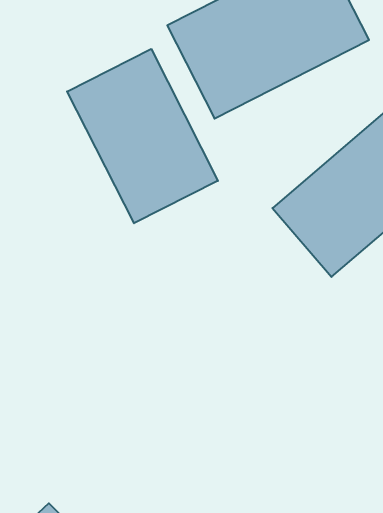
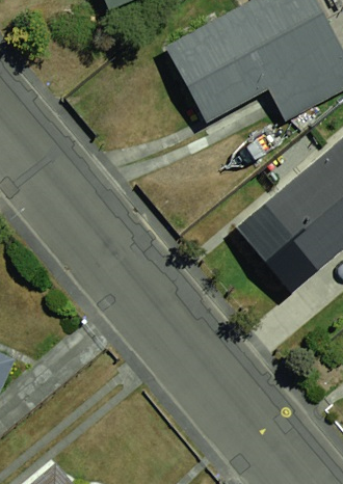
building: [67,49,218,223] -> none

